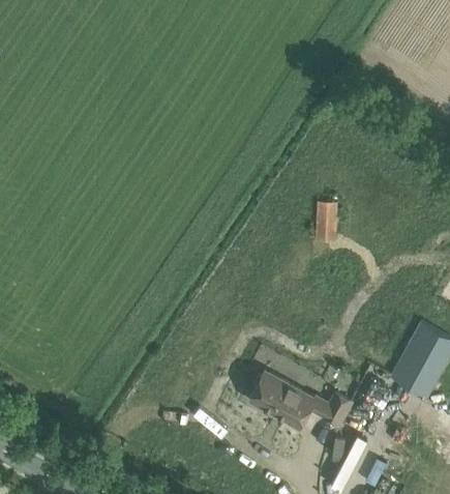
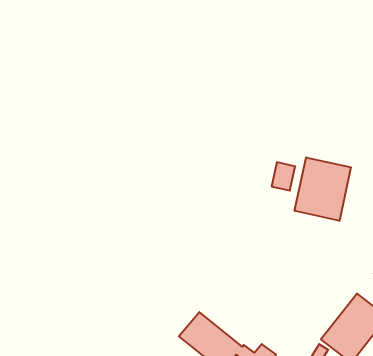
building: none -> [295,157,351,221]

